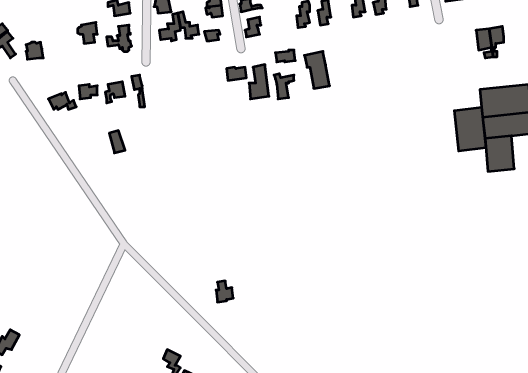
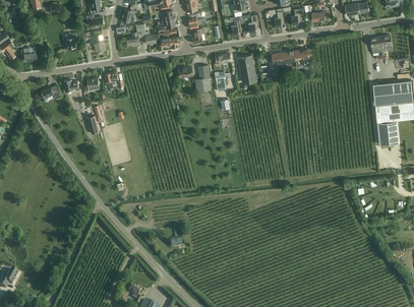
building: none -> [272,48,310,64]
building: [454,107,486,151] -> none

